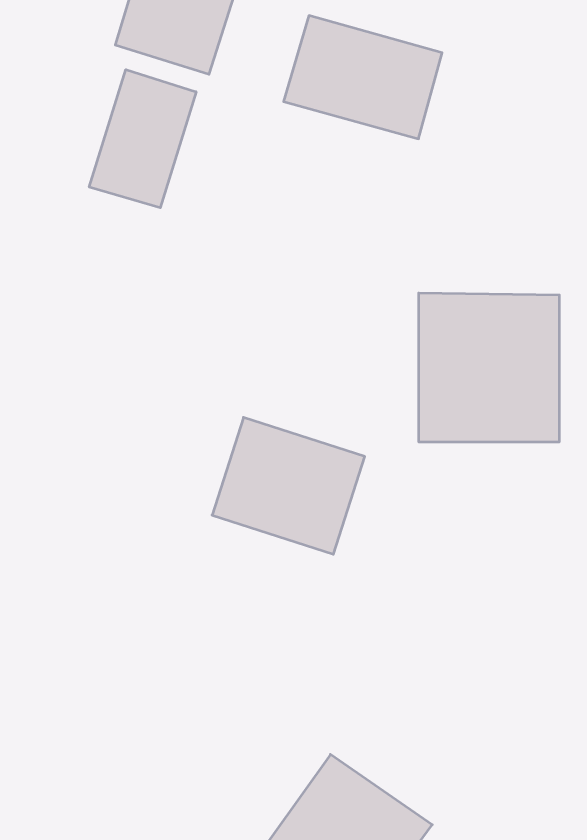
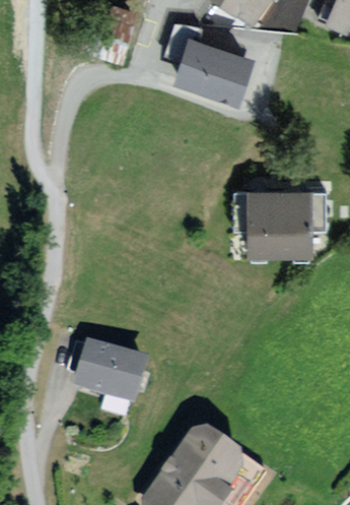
building: [89,70,196,208] -> none
building: [212,417,365,554] -> [72,339,151,411]

